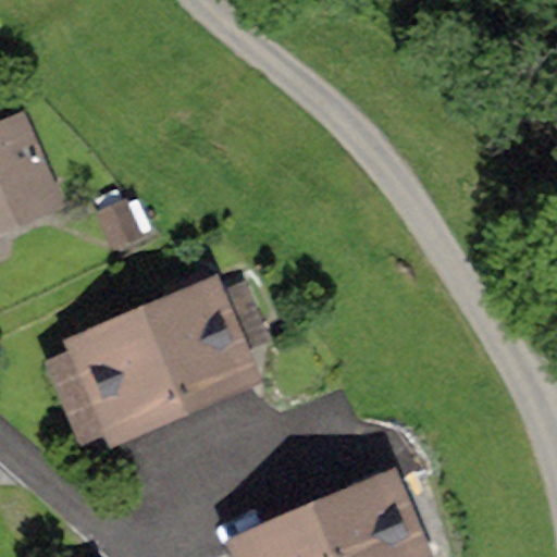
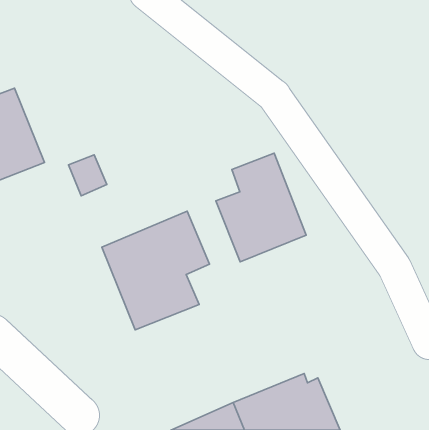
building: none -> [216,153,306,262]
building: [44,314,172,448] -> none

